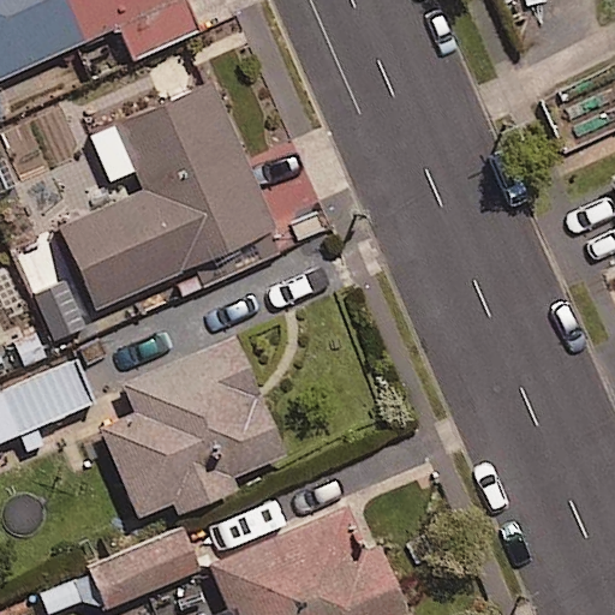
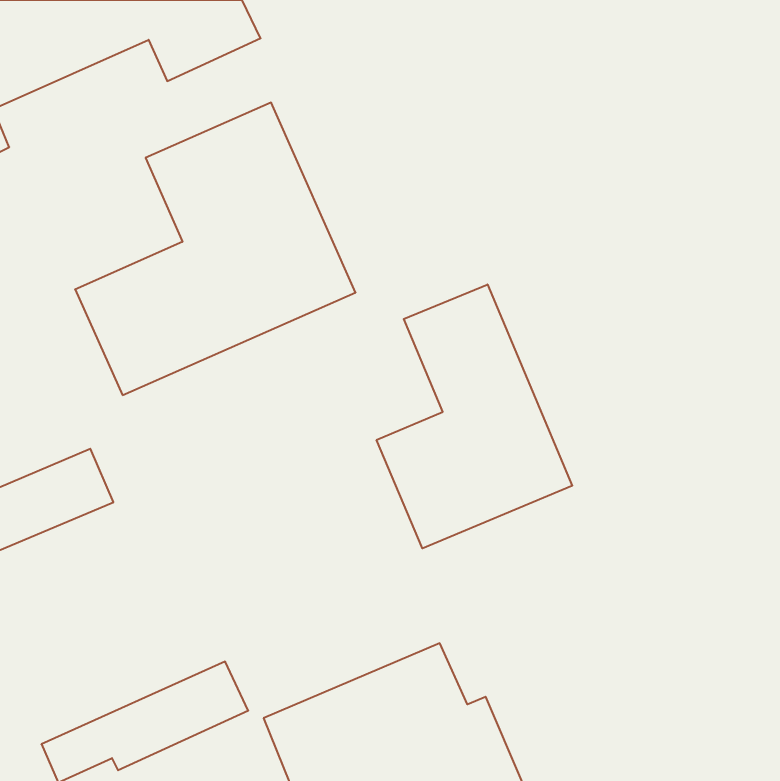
building: none -> [377,284,572,548]
building: [98,335,287,520] -> none

